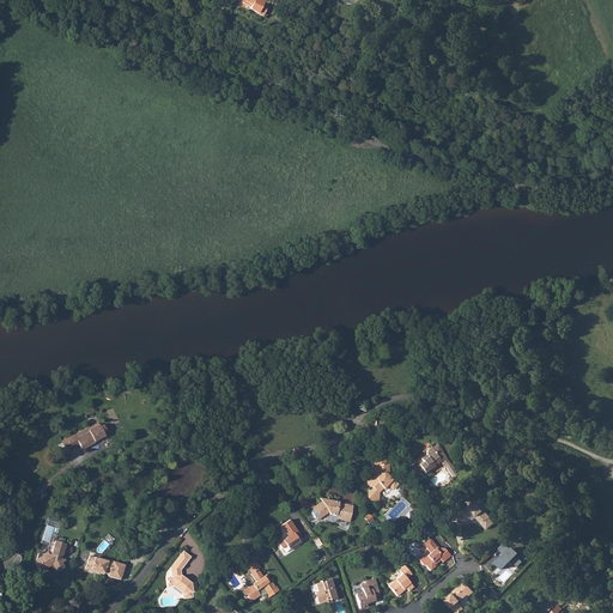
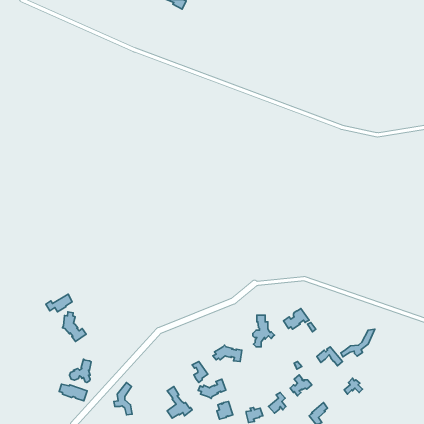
building: none -> [63,312,86,341]
building: none -> [341,329,375,357]
building: [35,536,66,570] -> [70,359,91,383]
building: none -> [198,379,226,399]

